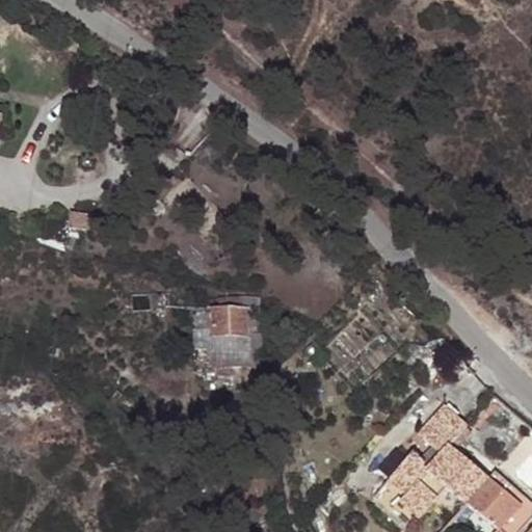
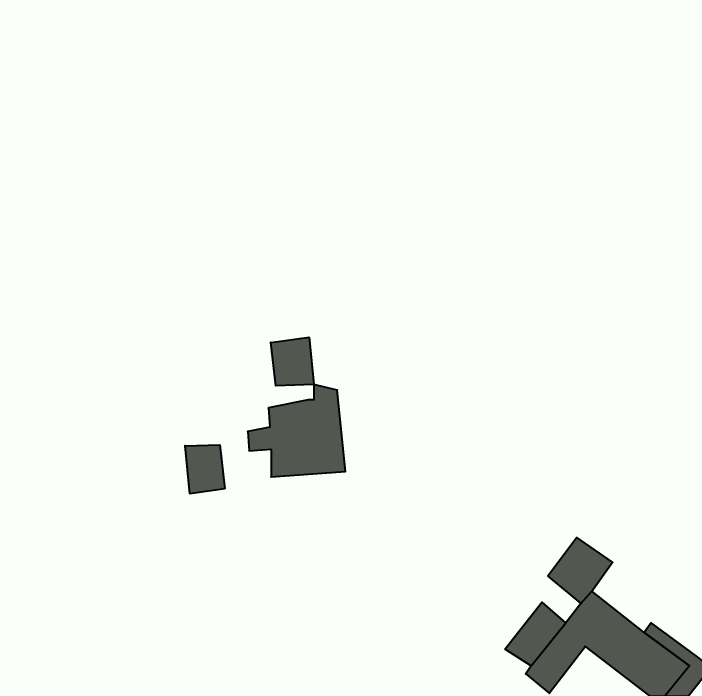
building: none -> [271,337,314,386]
building: none -> [185,445,225,494]

